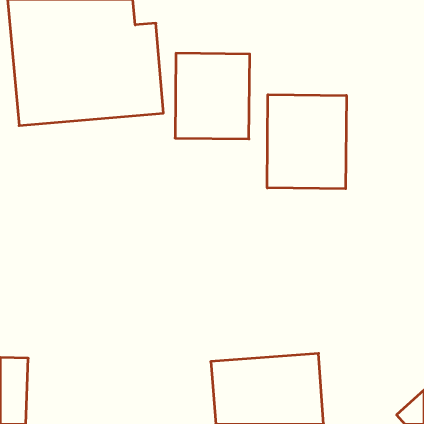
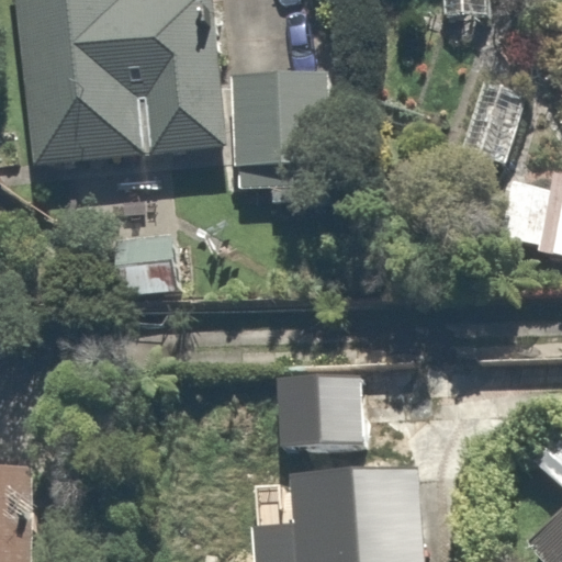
building: [267,95,346,189] -> none
building: none -> [270,372,374,451]

